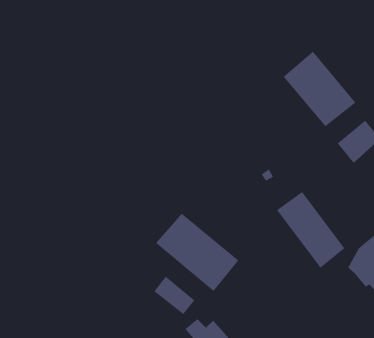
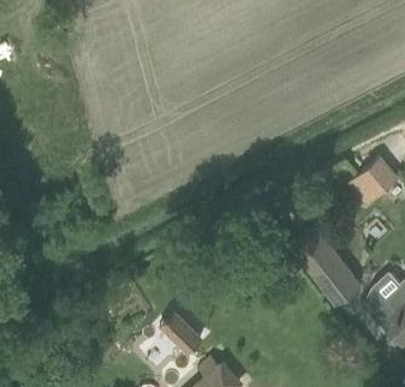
building: [283,51,356,127] -> none
building: [155,213,239,292] -> none

